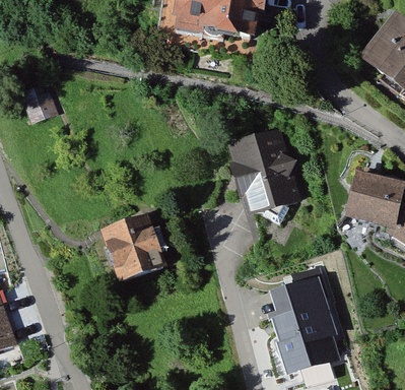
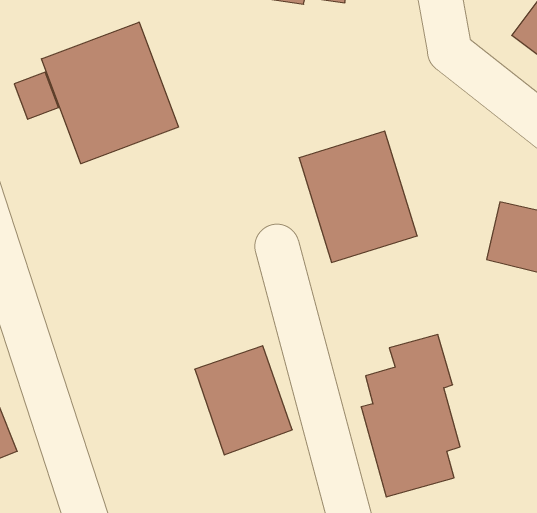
building: none -> [41,22,178,164]
building: [98,207,165,282] -> [195,346,292,455]

